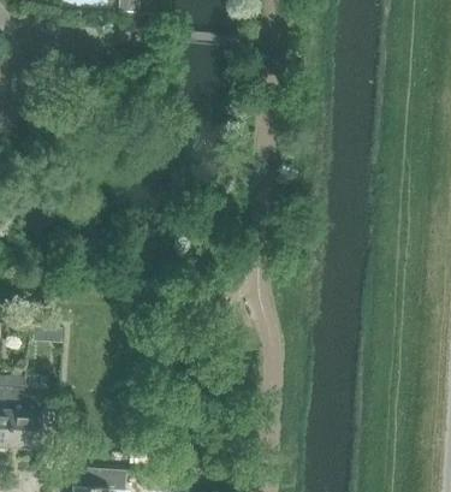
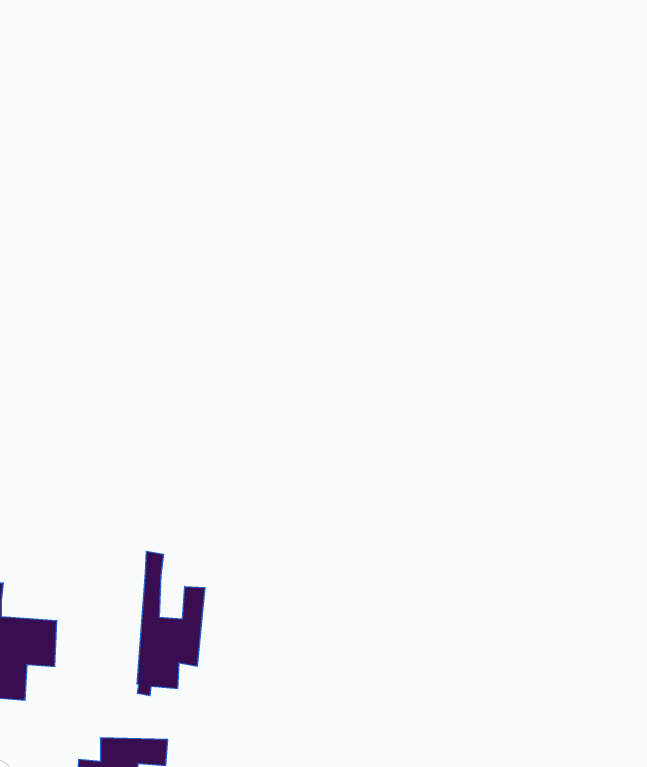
building: none -> [137,551,205,696]

